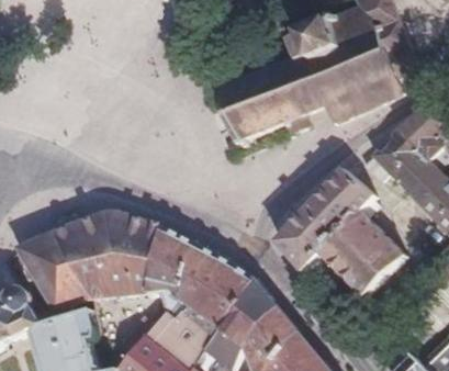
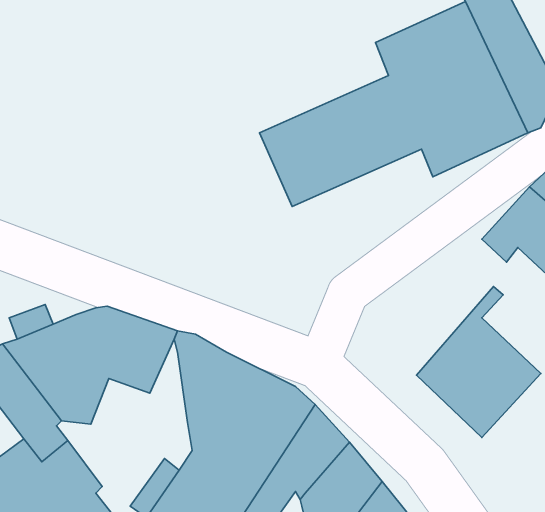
building: [277,171,372,276] -> none
building: [101,234,166,291] -> none

